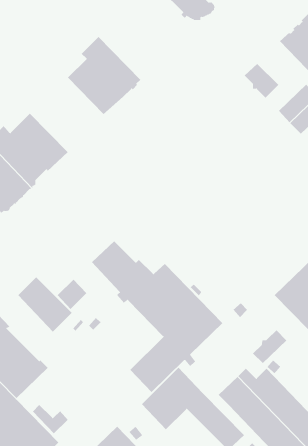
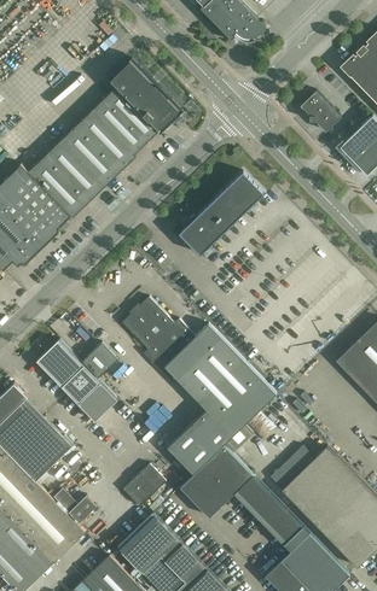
building: none -> [52,109,138,195]
building: none -> [180,172,265,256]
building: [252,329,287,364] -> none
building: none -> [123,464,167,507]

